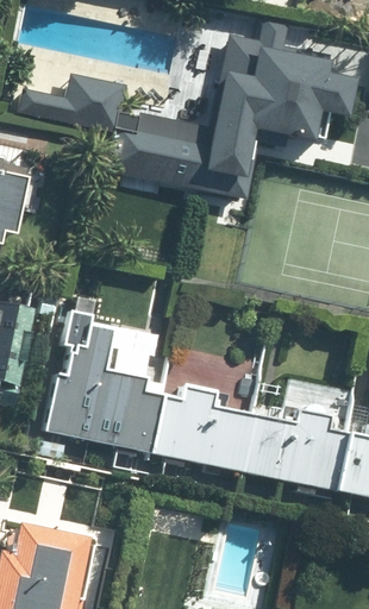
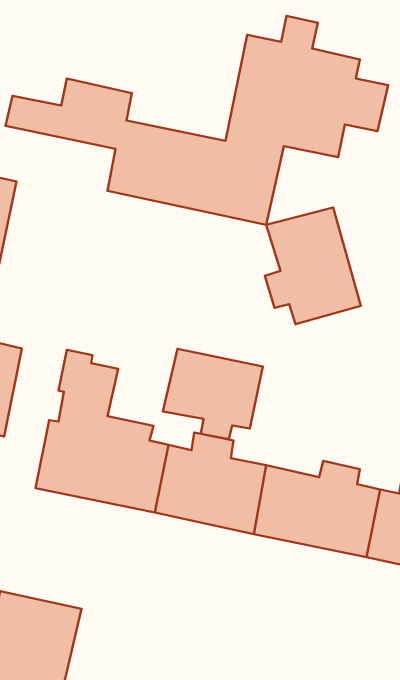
building: none -> [265,208,361,324]
building: none -> [163,349,263,439]

